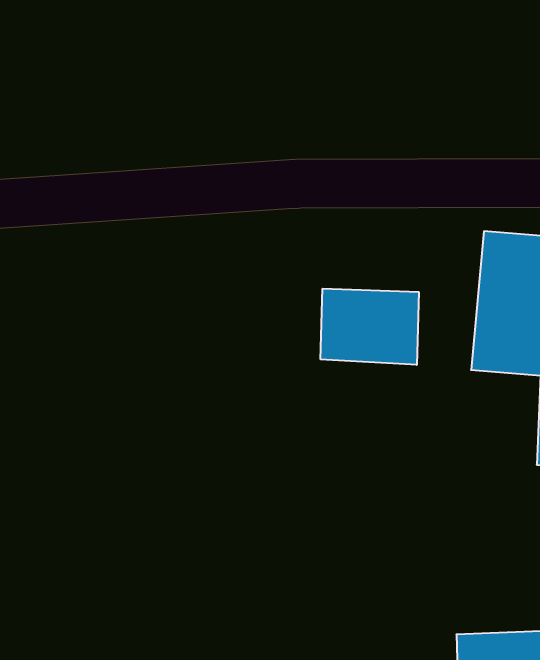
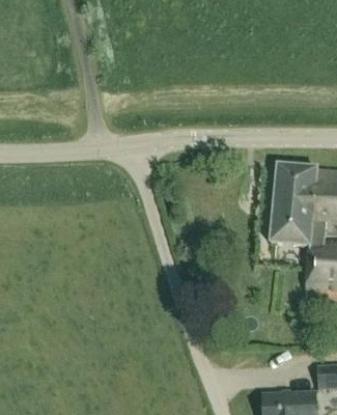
building: [321,289,419,365] -> none

